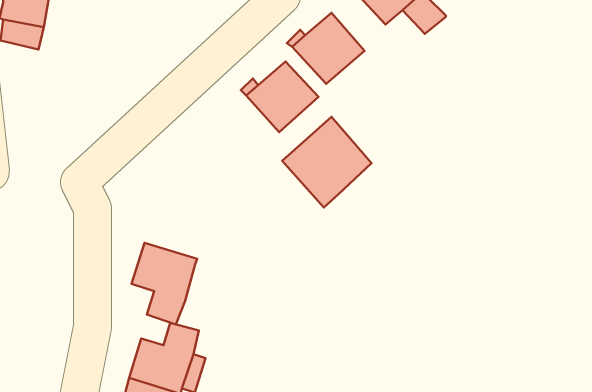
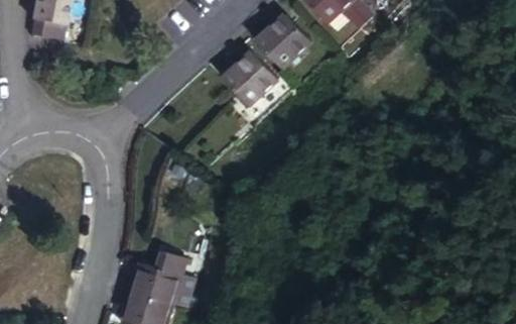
building: [282,117,372,207] -> none
building: [131,243,197,324] -> none

